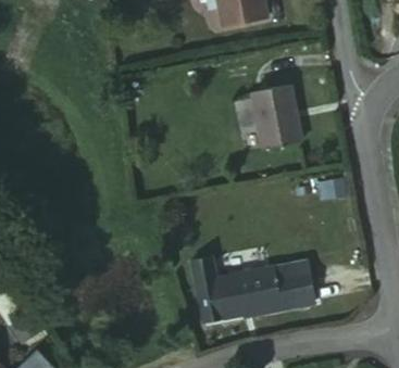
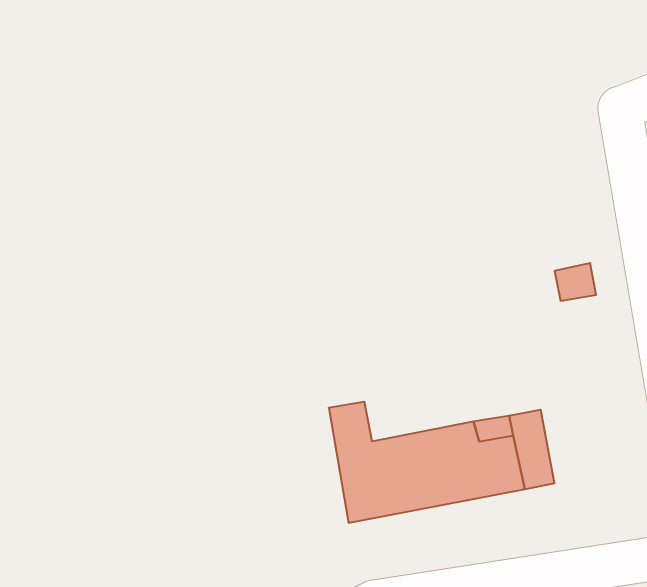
building: [249,87,297,148] -> none

